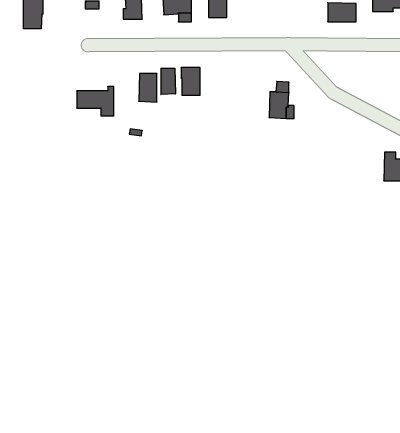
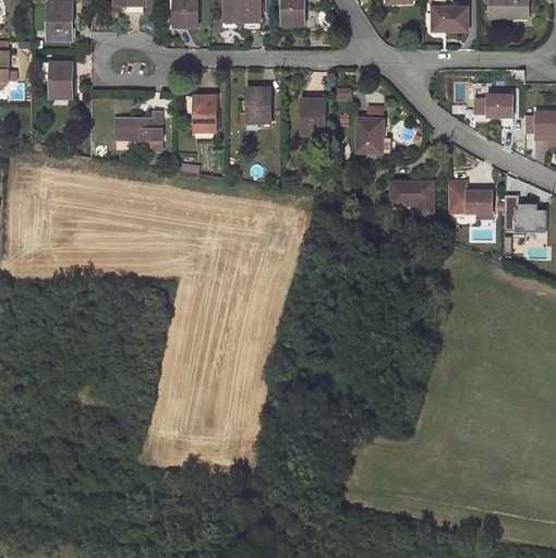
building: none -> [50,62,73,98]
building: [161,68,175,95] -> none
building: none -> [475,95,513,117]
building: none -> [301,99,325,134]
building: none -> [448,180,492,213]
building: none -> [390,182,433,215]

